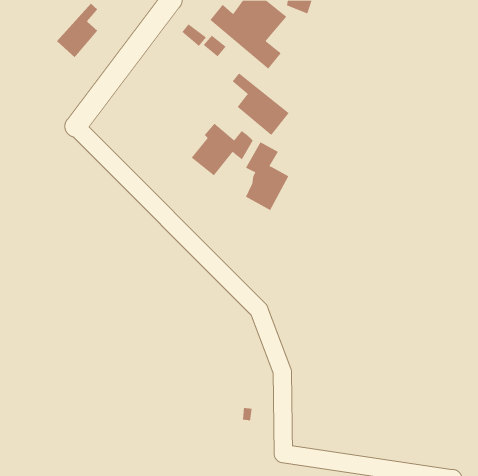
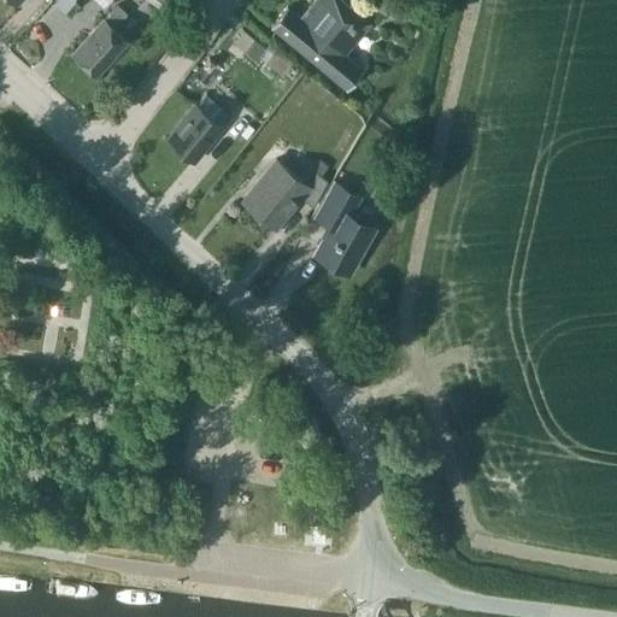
building: none -> [168,94,222,163]
building: [232,72,290,136] -> none

